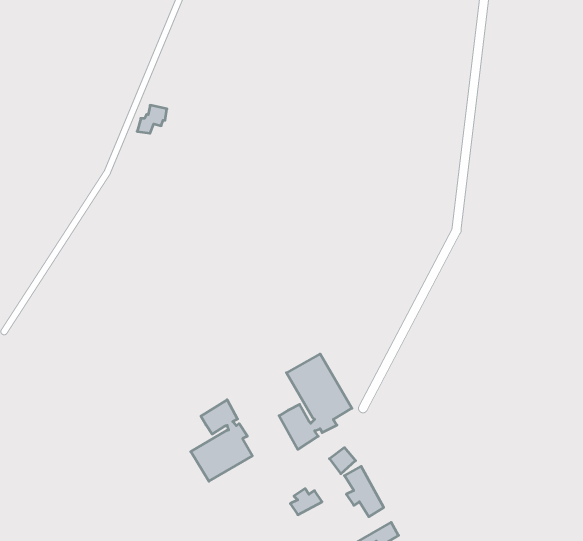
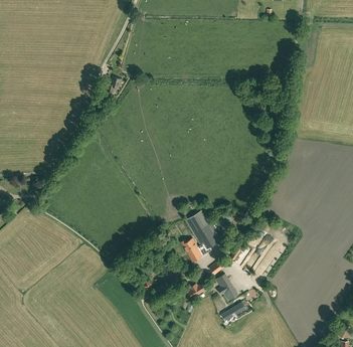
building: [191,400,252,481] -> none

